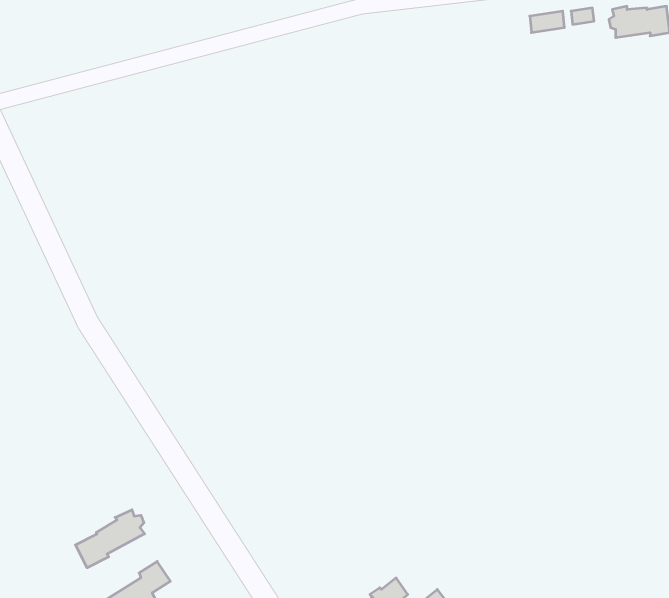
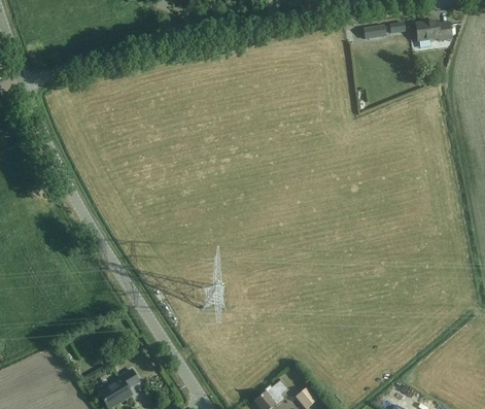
building: [75,510,145,568] -> none

